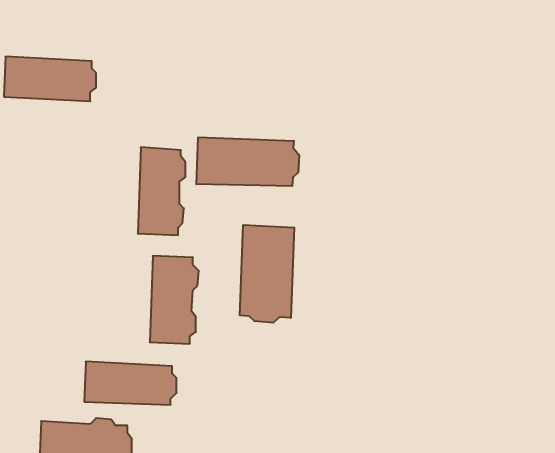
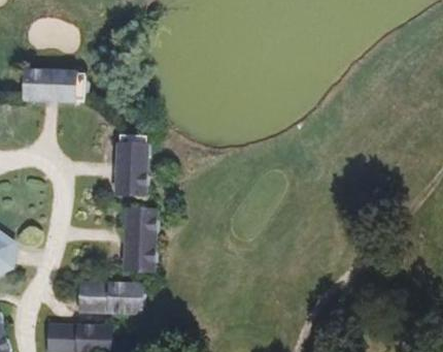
building: [196,137,299,186] -> none
building: [240,225,294,323] -> none

